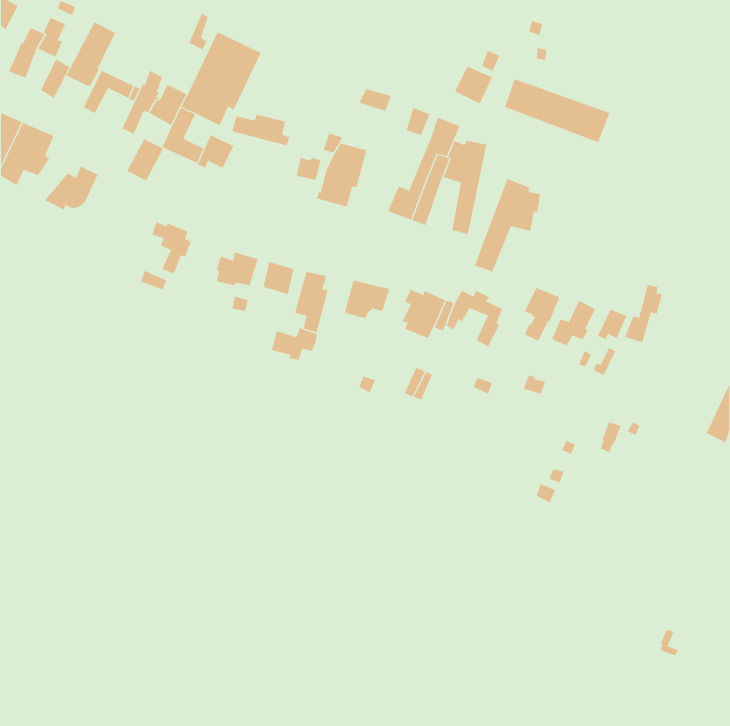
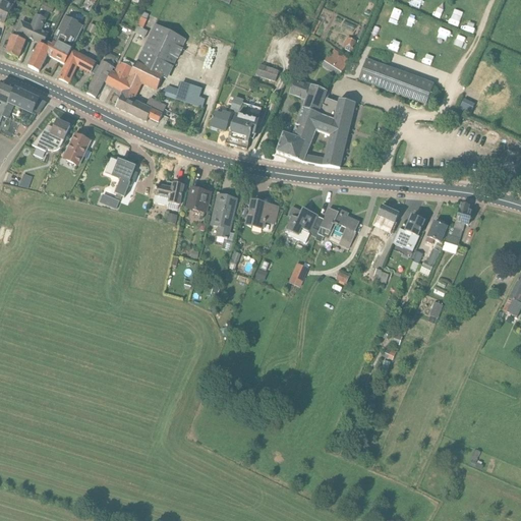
building: [127,138,164,181] -> [63,132,90,163]
building: [474,178,541,272] -> none
building: [271,328,317,361] -> none

